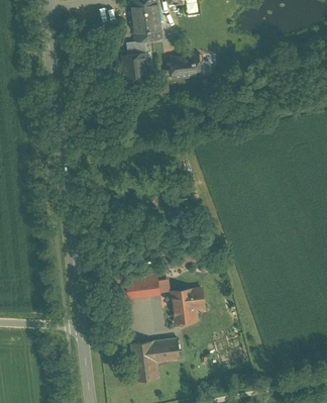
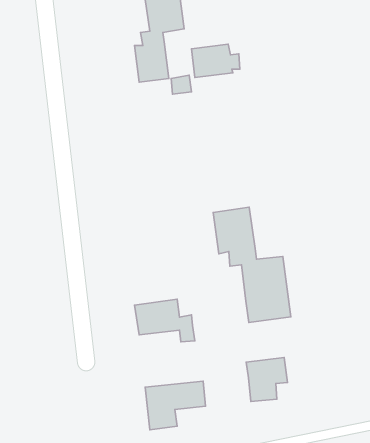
building: none -> [213,207,291,322]
building: [171,288,206,325] -> [246,358,288,401]

